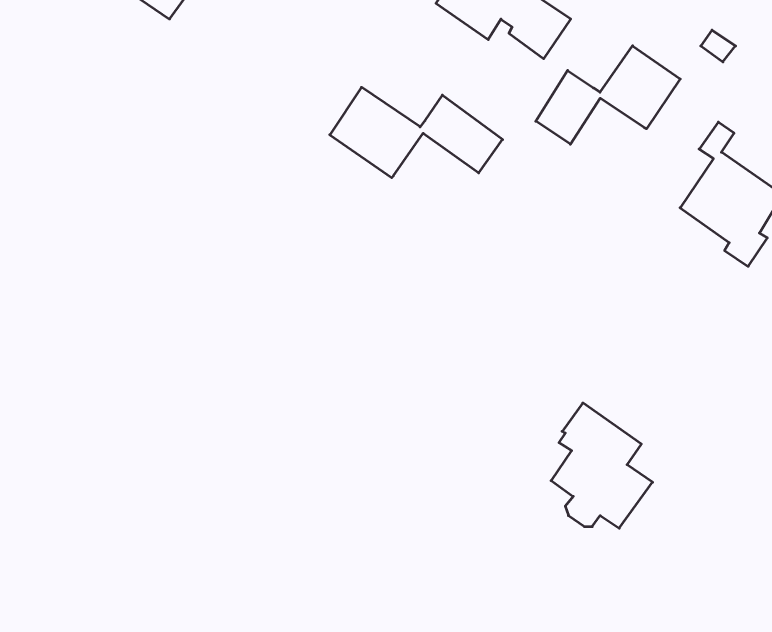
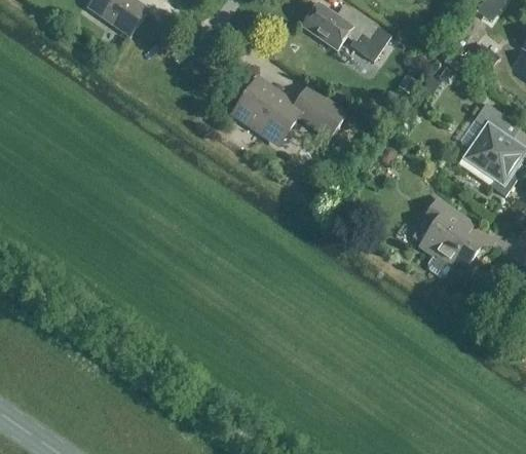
building: [536,46,680,144] -> none
building: [551,403,653,528] -> [416,194,482,275]

